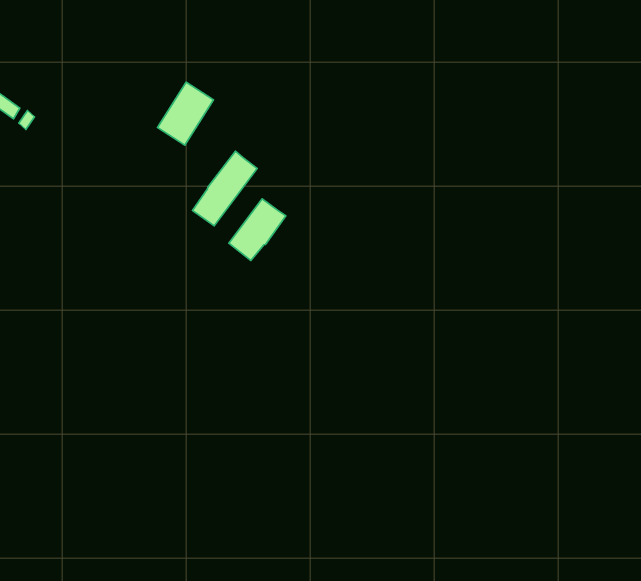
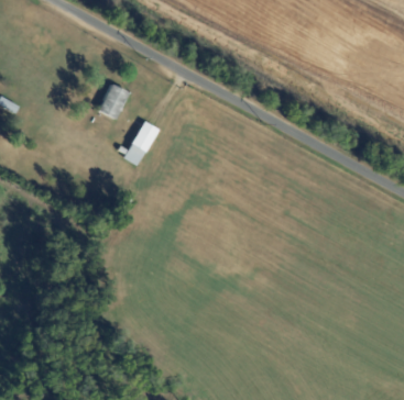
building: [229,199,286,261] -> none

